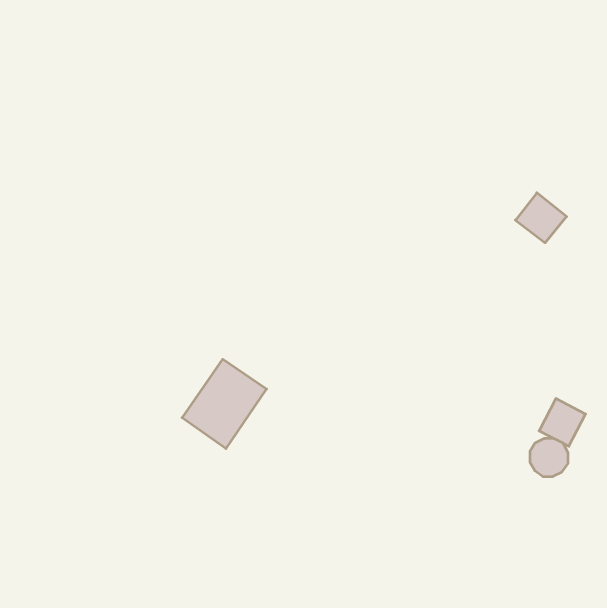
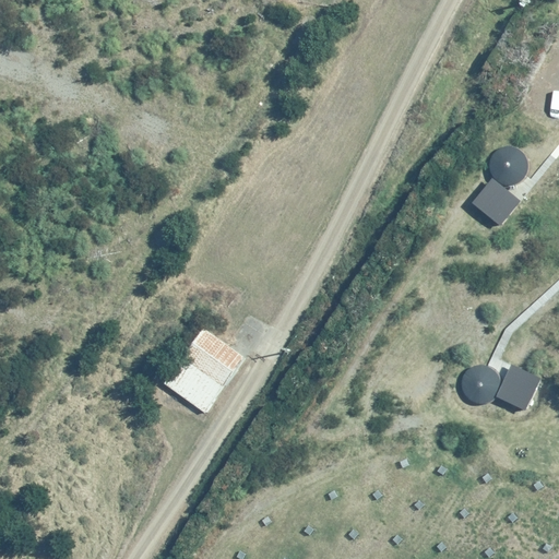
building: none -> [490,147,525,183]
building: [530,439,568,477] -> [462,367,497,402]

